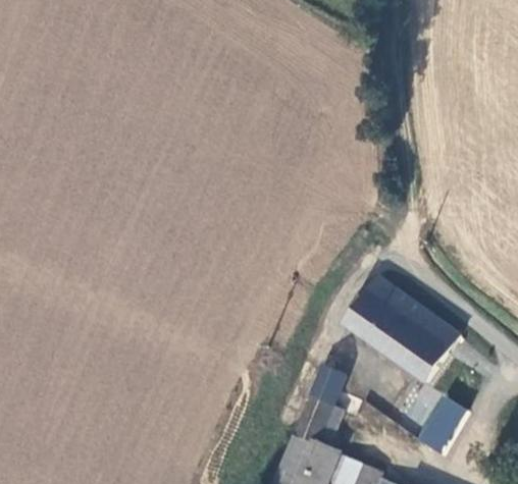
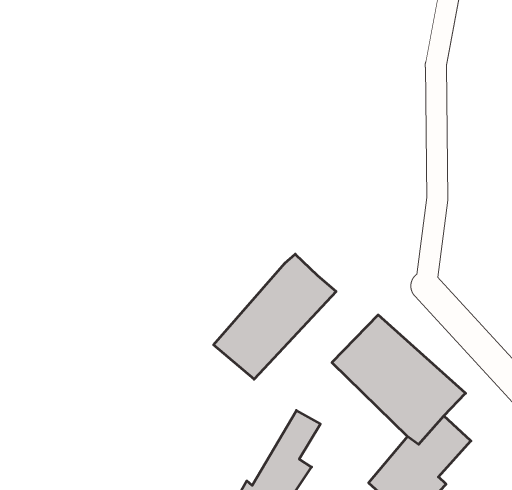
building: none -> [214,254,336,379]

